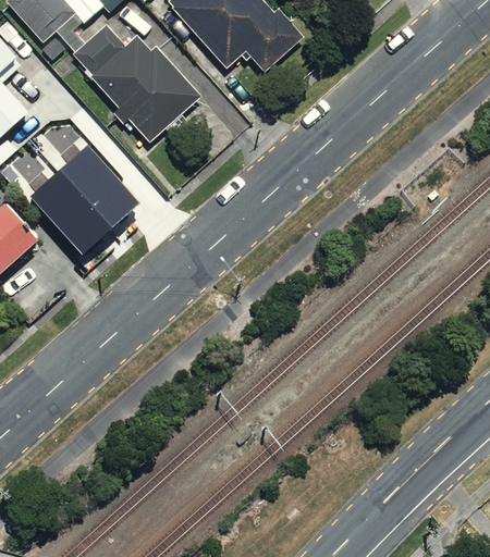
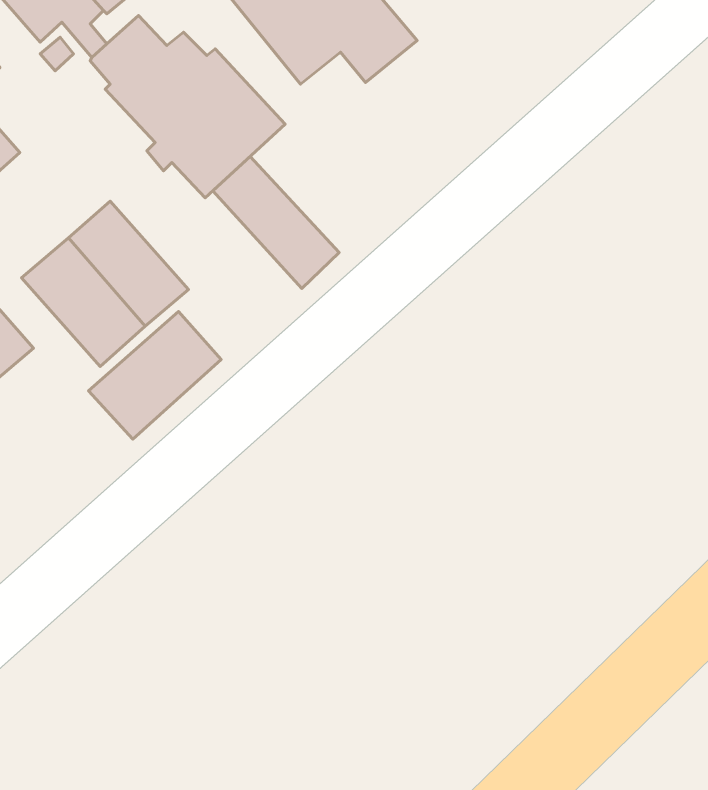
building: none -> [213,156,339,288]
building: none -> [88,312,221,439]

